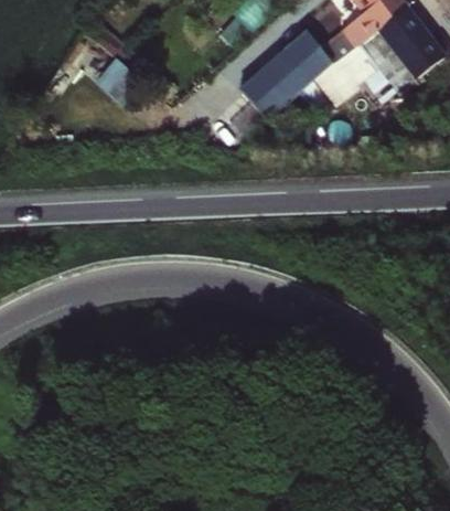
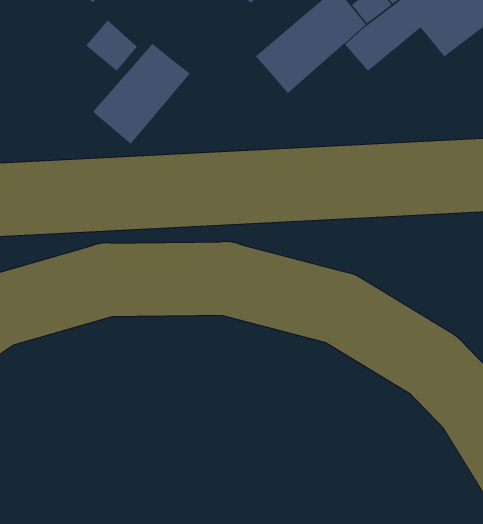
building: none -> [92,43,191,145]

